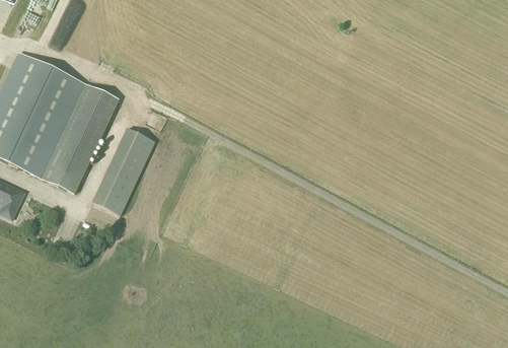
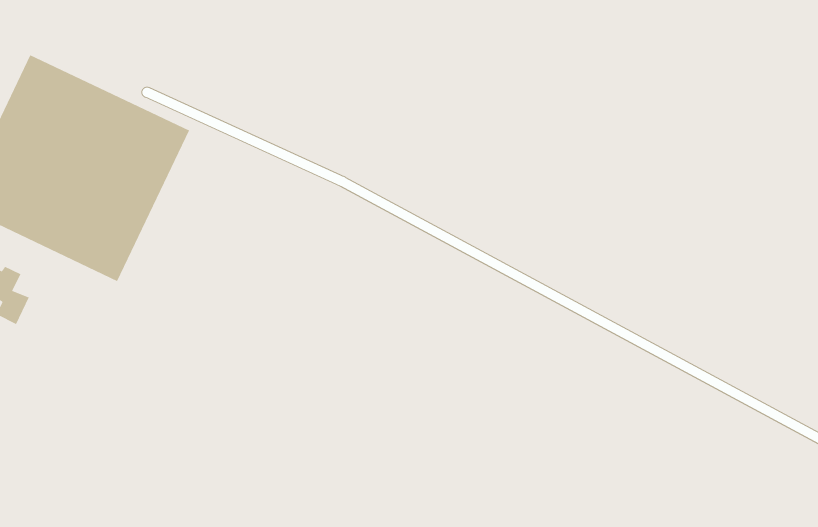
building: [91,128,154,215] -> none

